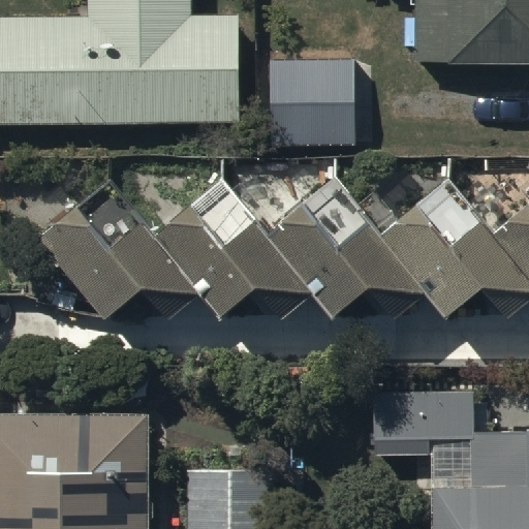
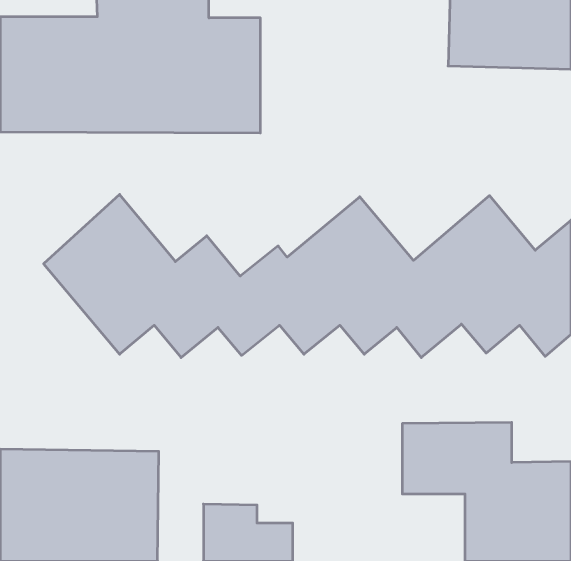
building: [272,51,374,148] -> none

